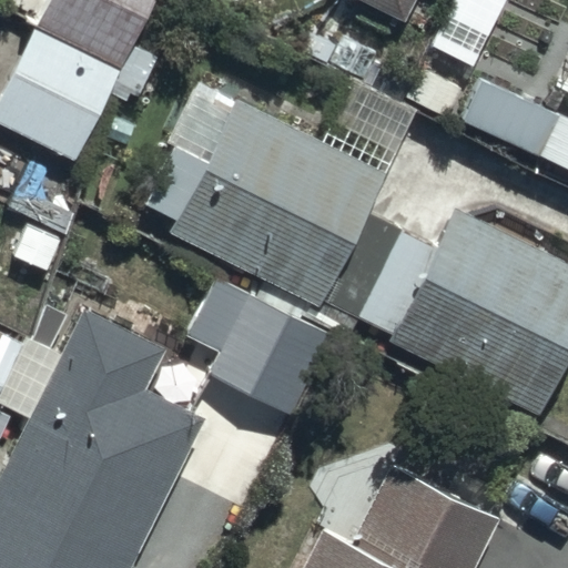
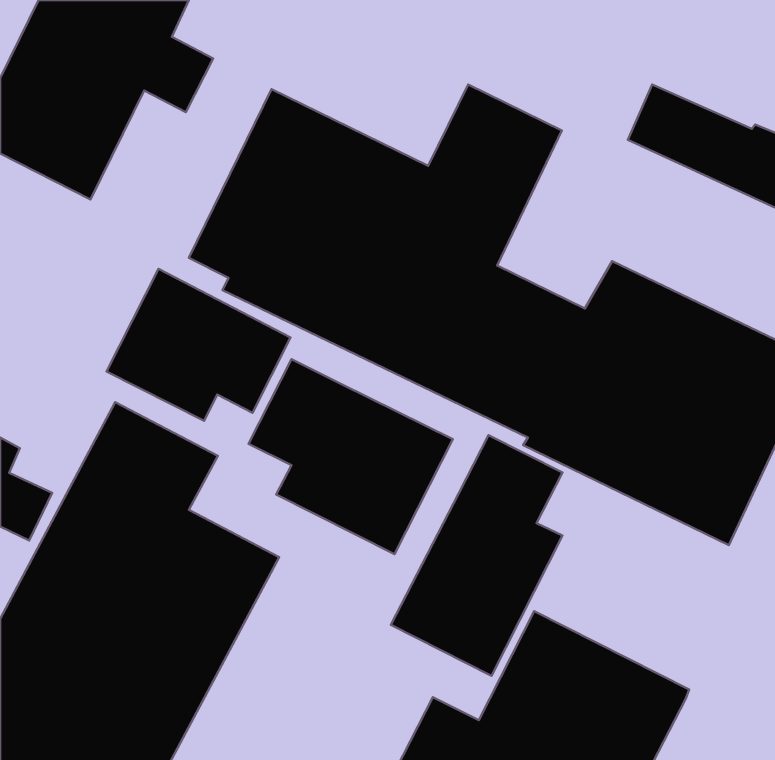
building: none -> [107,269,290,421]
building: none -> [391,435,562,676]

